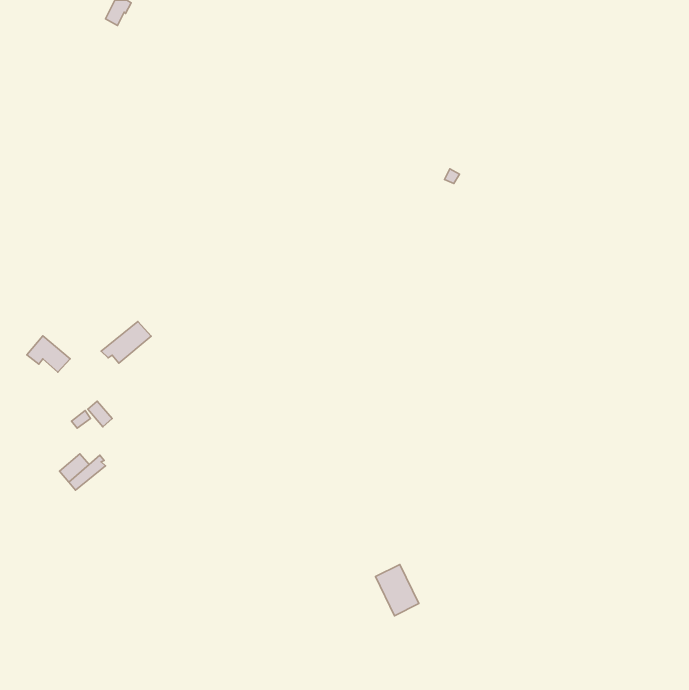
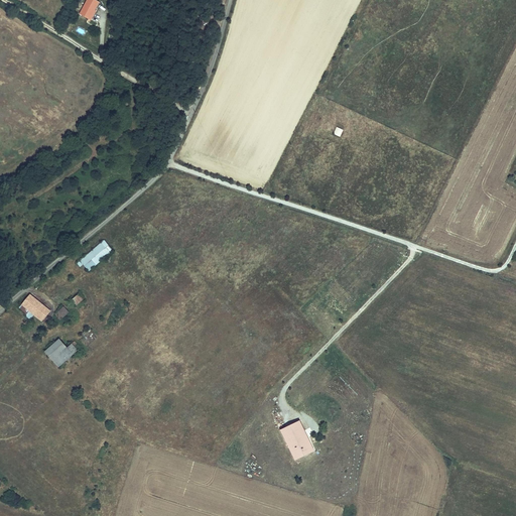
building: [27,336,70,372] -> [19,294,51,321]

